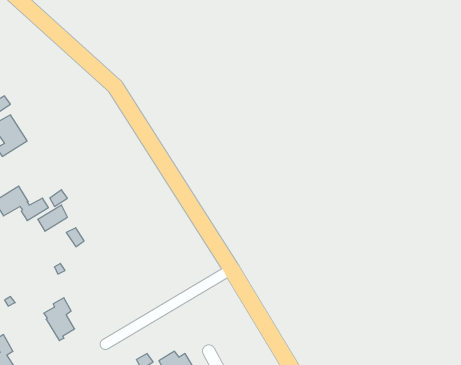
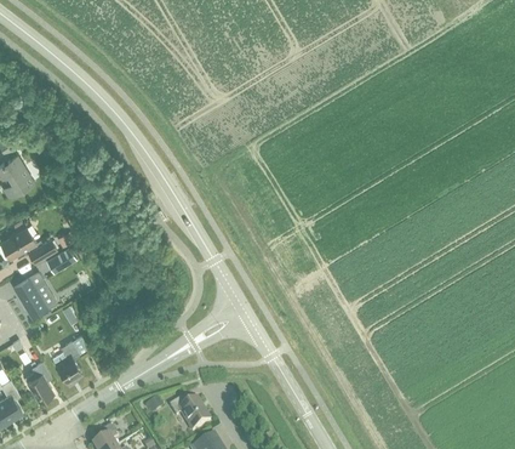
building: none -> [13,269,47,314]
building: none -> [24,359,52,399]

